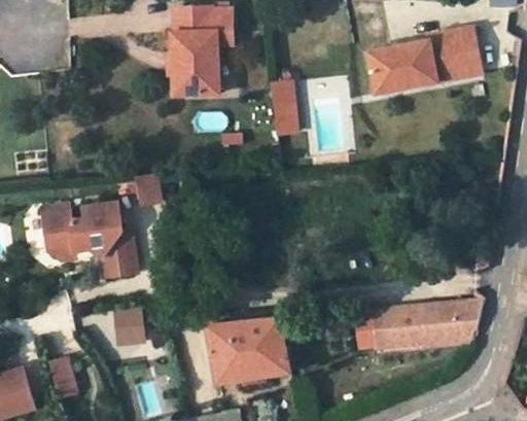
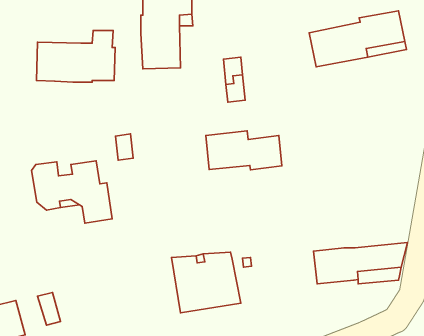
building: none -> [37,31,115,82]
building: none -> [206,131,282,170]
building: [110,309,142,346] -> none

